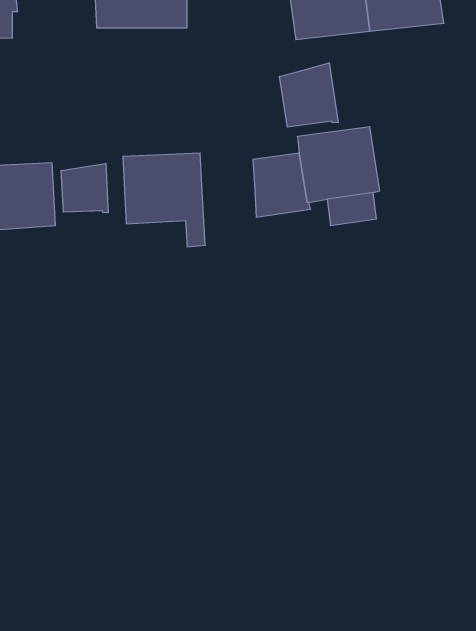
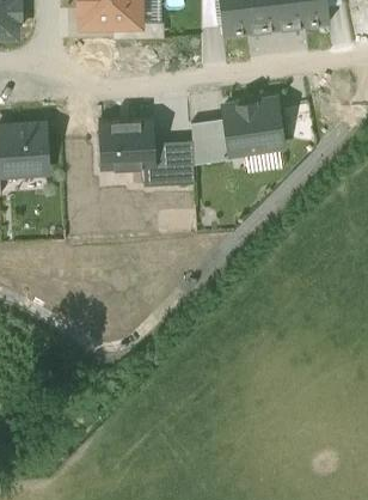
building: [279,63,338,127] -> none
building: [61,163,108,213] -> none
building: none -> [154,140,195,184]

